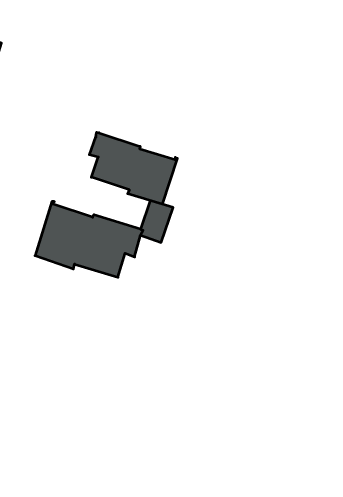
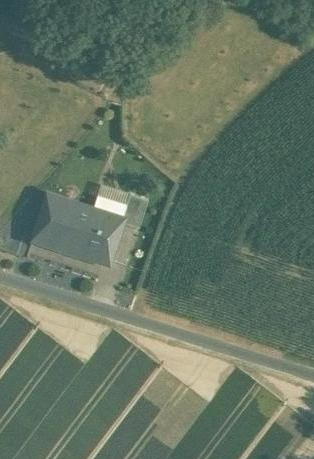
building: [89,132,177,204] -> none

